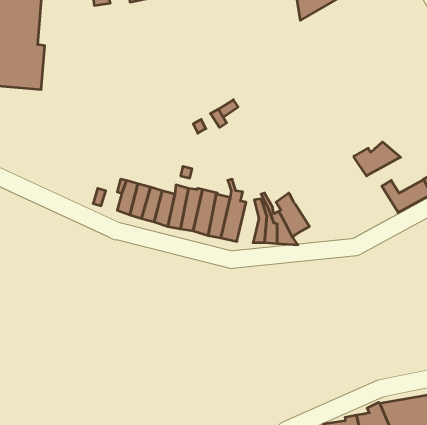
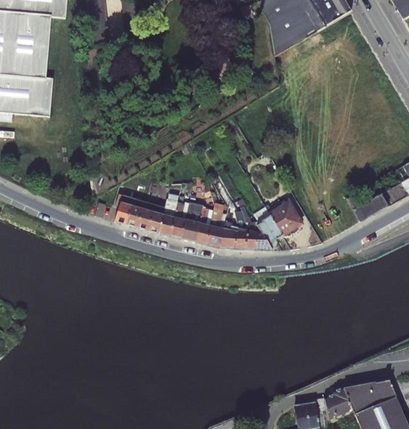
building: [354,142,401,176] -> none
building: none -> [268,199,302,236]
building: none -> [219,211,238,248]

